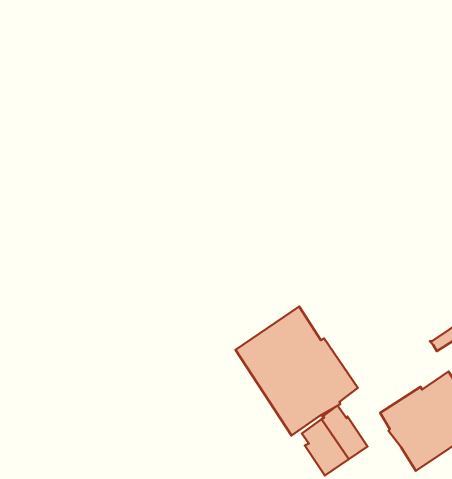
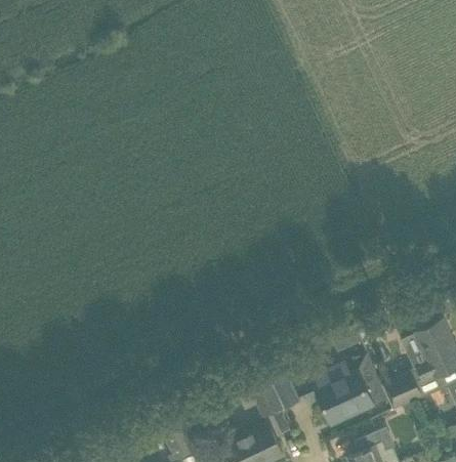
building: [235,307,358,436] -> none

